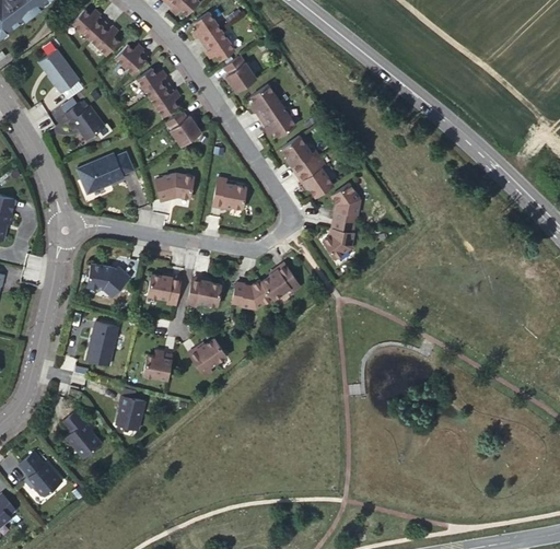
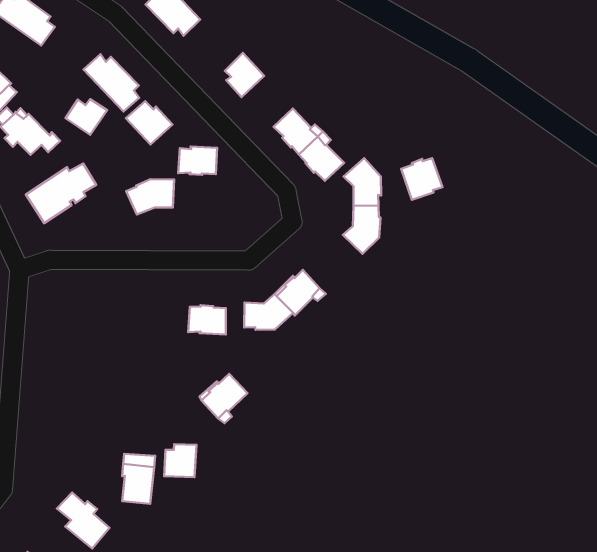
building: [116,44,150,73] -> [65,99,107,135]
building: [223,57,256,93] -> none
building: [259,105,293,137] -> none
building: [214,185,248,210] -> [178,146,217,175]
building: none -> [401,158,443,200]
building: [88,262,130,296] -> none
building: [148,274,182,299] -> none
building: [86,322,118,365] -> none
building: [143,350,173,378] -> [164,444,196,477]

